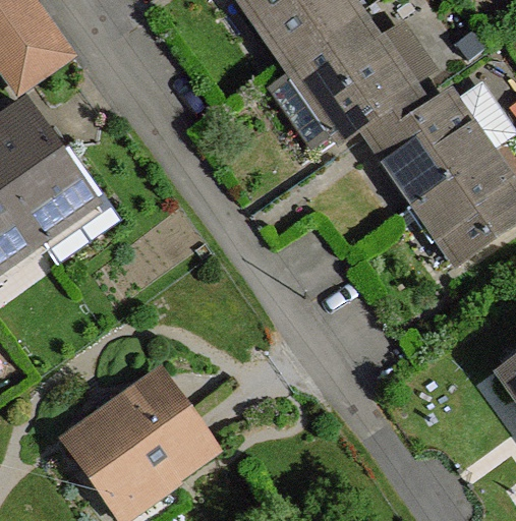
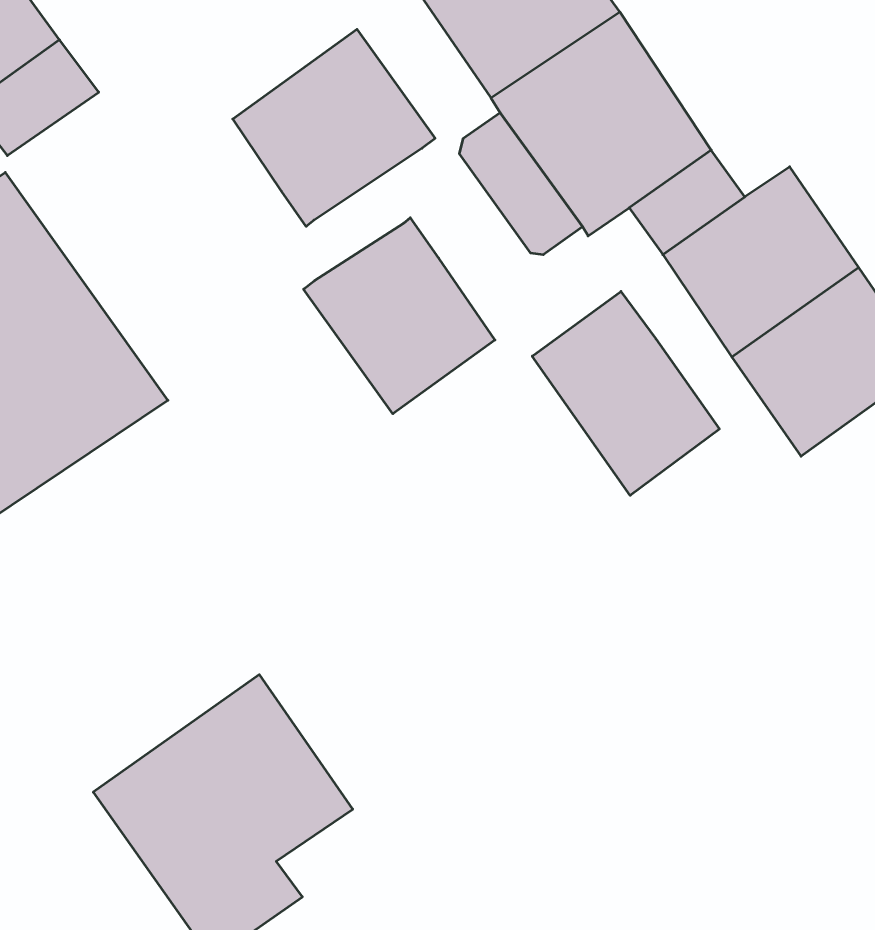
building: none -> [233,29,435,226]
building: none -> [304,218,495,414]
building: none -> [532,291,719,495]

